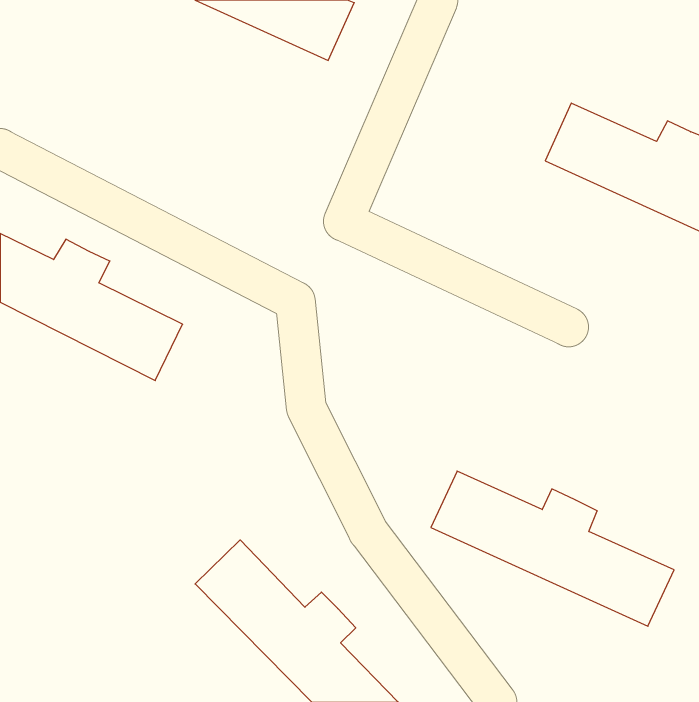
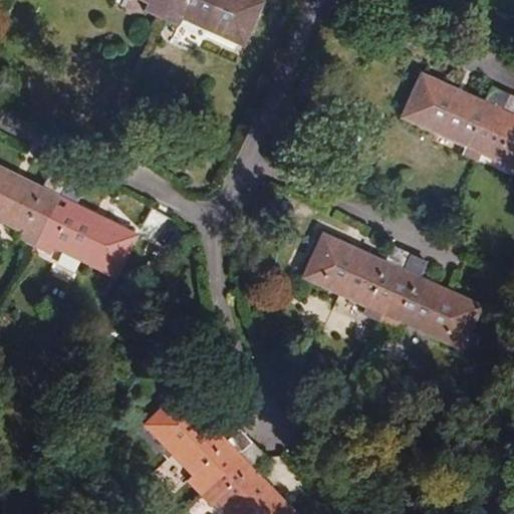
building: [431,471,674,626] -> [302,236,480,349]

